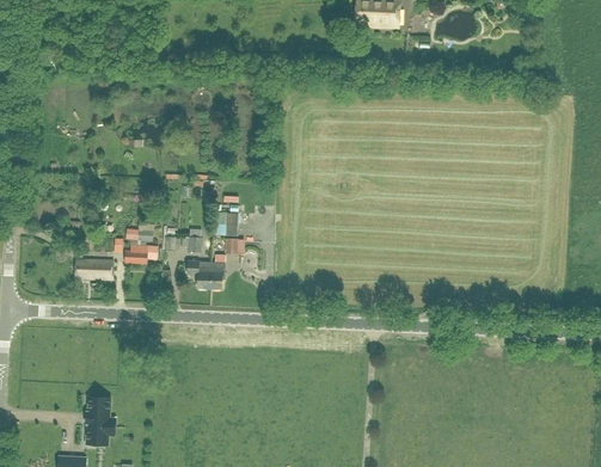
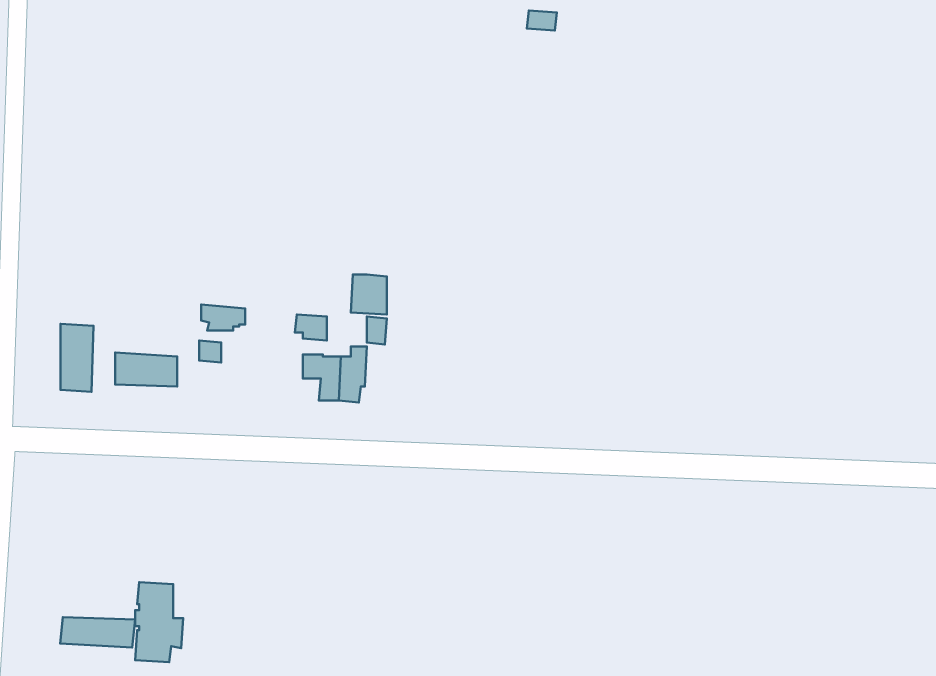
building: none -> [61,324,94,392]
building: none -> [60,617,135,648]

